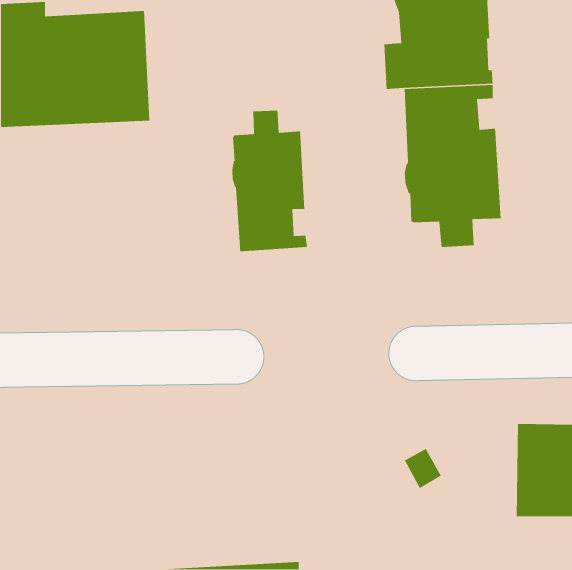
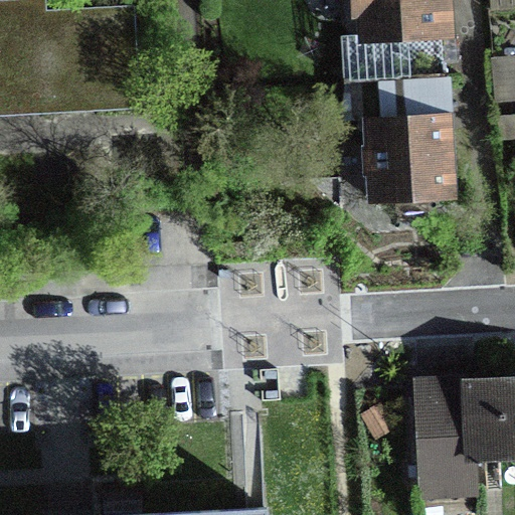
building: [231,110,308,252] -> none
building: none -> [415,377,480,499]

